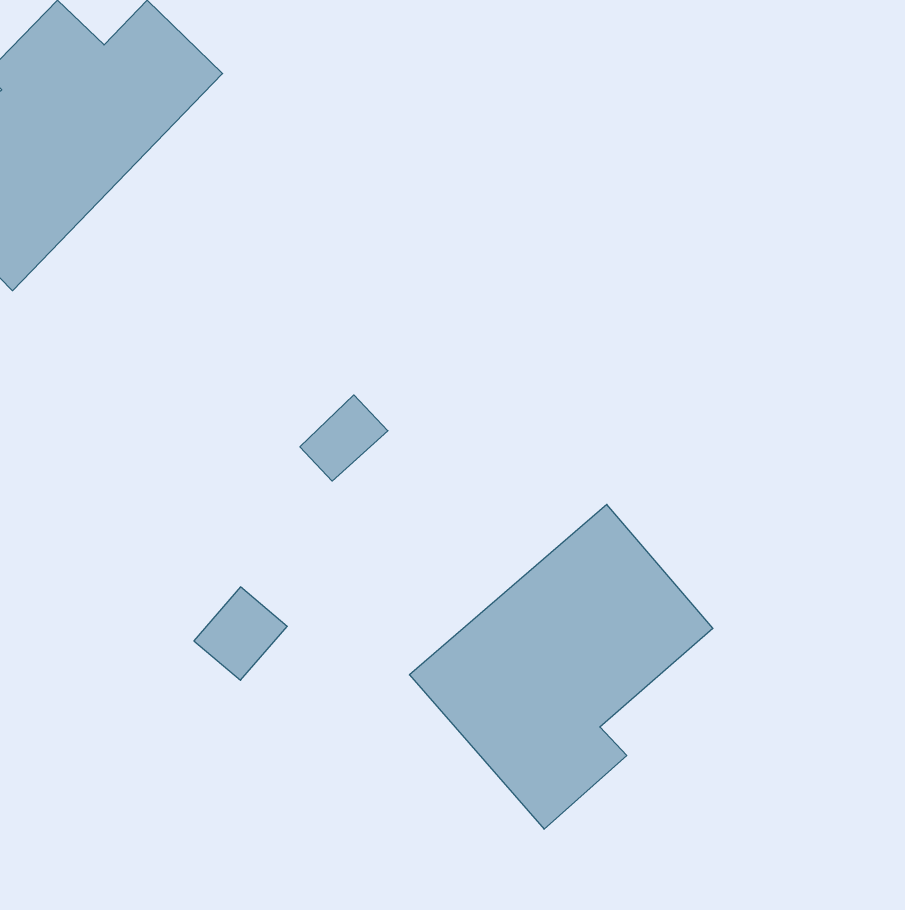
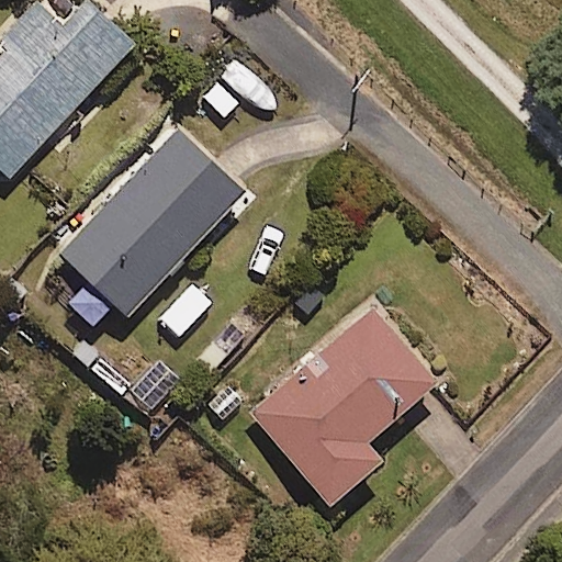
building: none -> [58,117,245,316]

